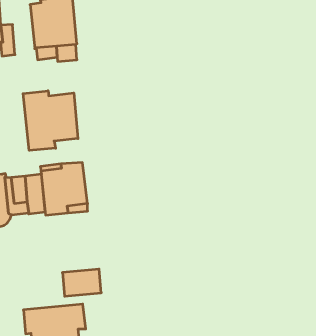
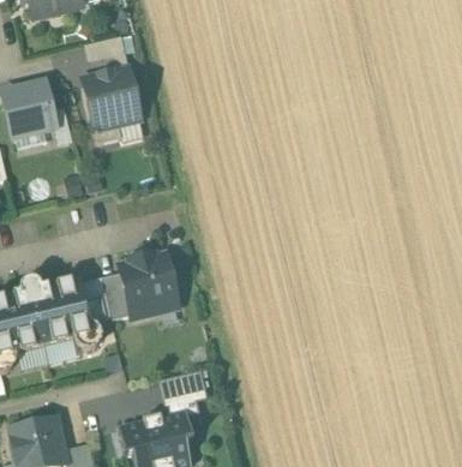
building: [23,91,78,150] -> none

